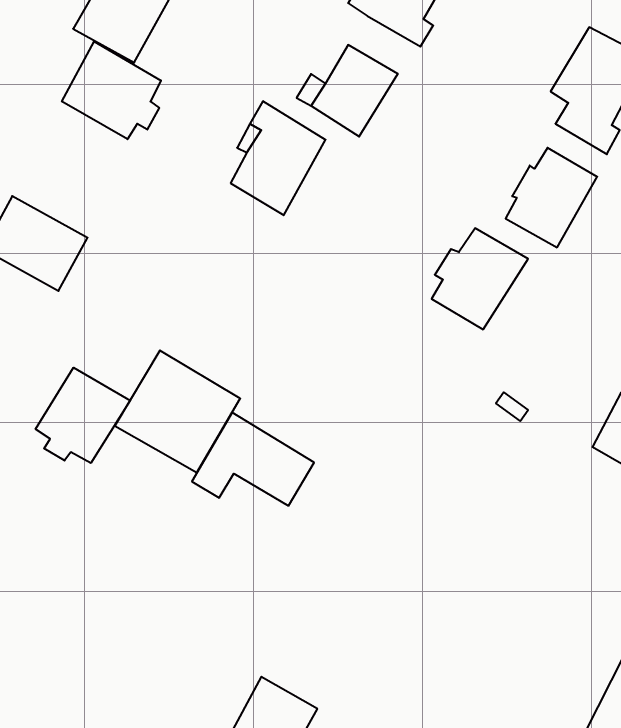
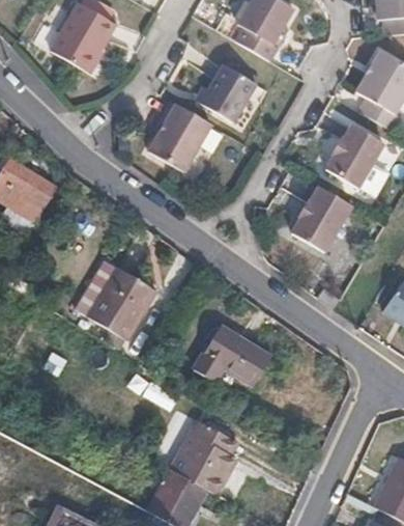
building: [62,41,161,139] -> none
building: [36,368,130,463] -> none
building: [192,412,314,506] -> [191,327,269,387]
building: none -> [169,404,246,495]

